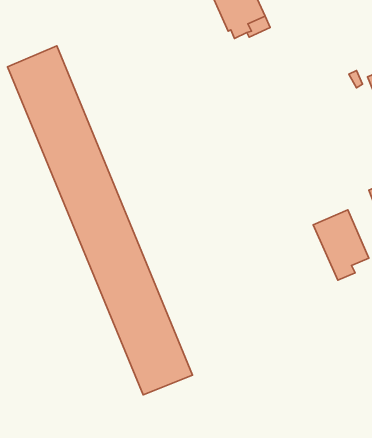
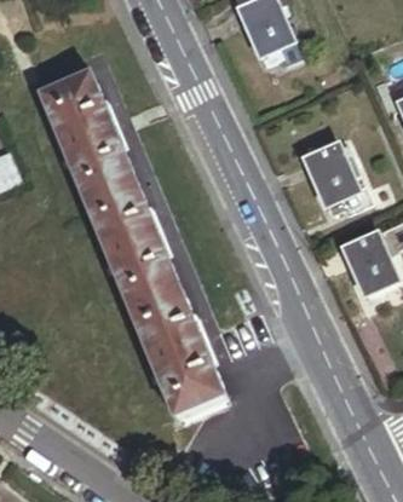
building: none -> [300,142,372,215]

